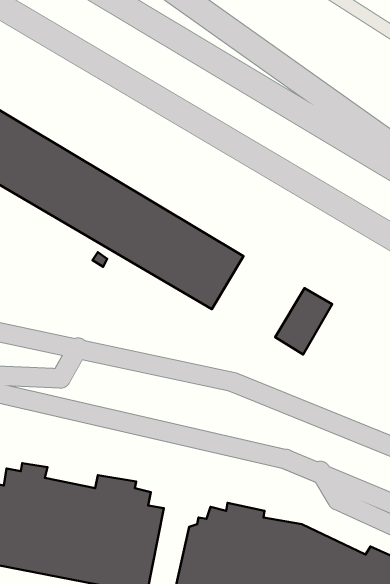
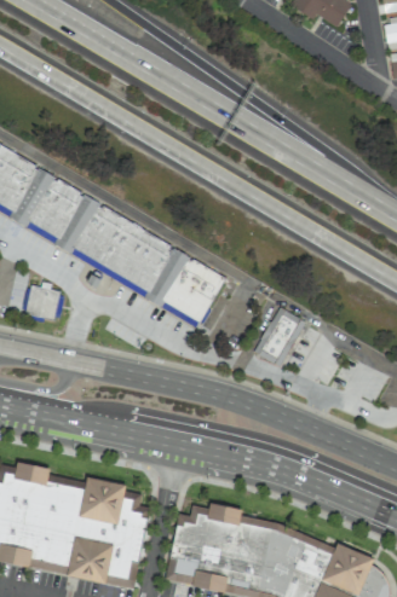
building: none -> [24,284,59,319]

